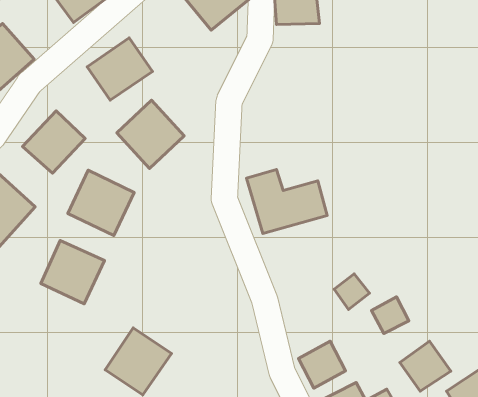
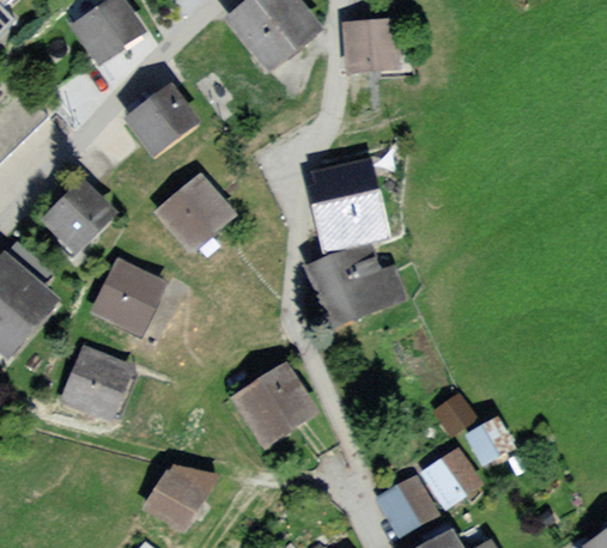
building: none -> [304,166,380,254]
building: none -> [232,355,314,438]
building: [400,341,451,391] -> [425,438,488,500]

